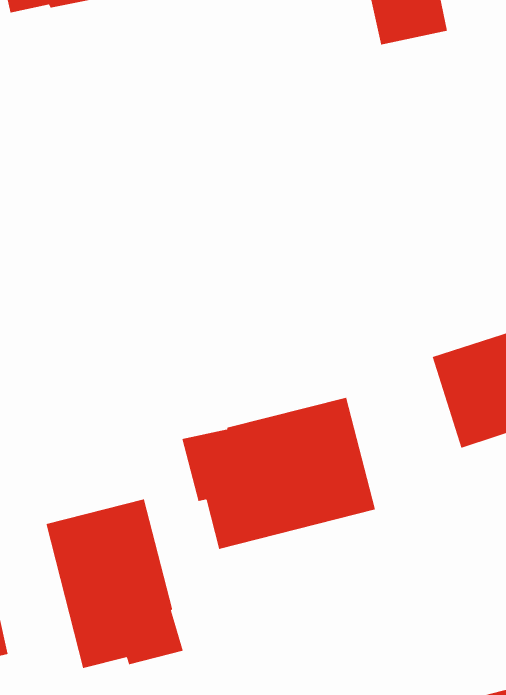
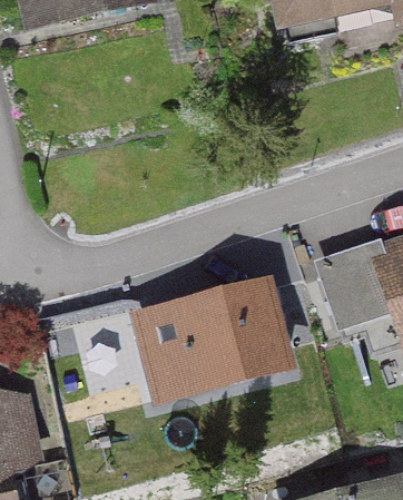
building: [46,499,184,669] -> none

